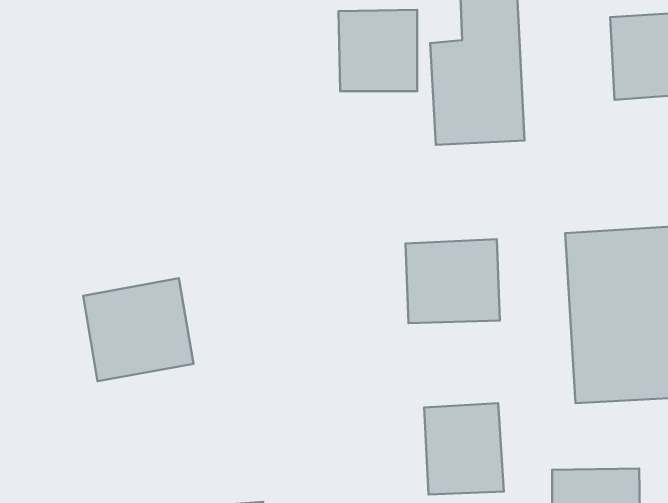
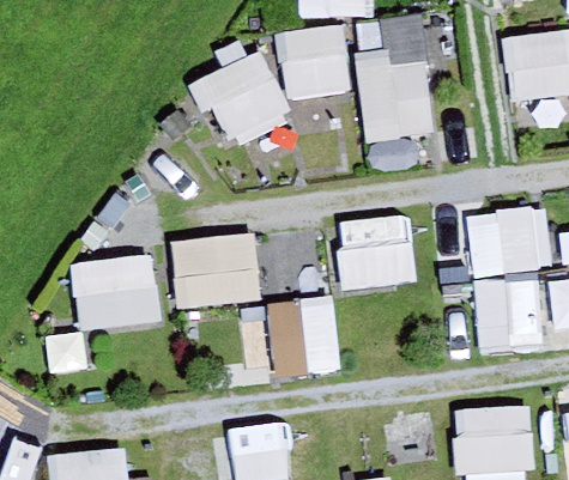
building: none -> [196,48,301,165]
building: none -> [170,231,255,306]
building: [424,403,504,494] -> [271,299,337,375]

